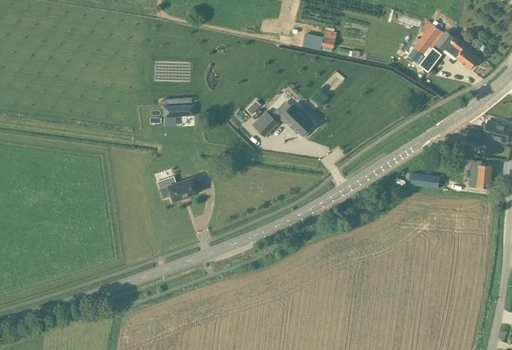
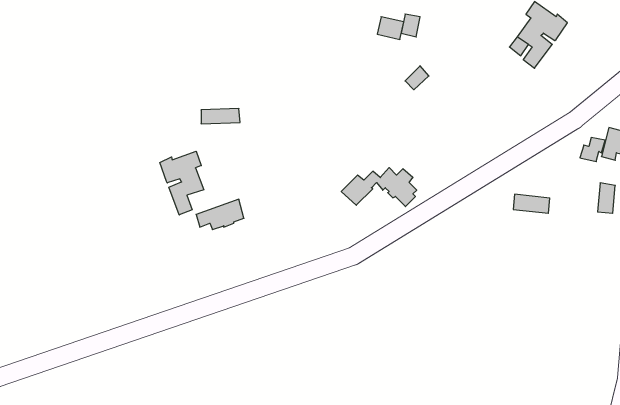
building: [444,36,477,68] -> none
building: [252,105,312,136] -> [341,168,417,207]
building: none -> [160,151,204,215]

